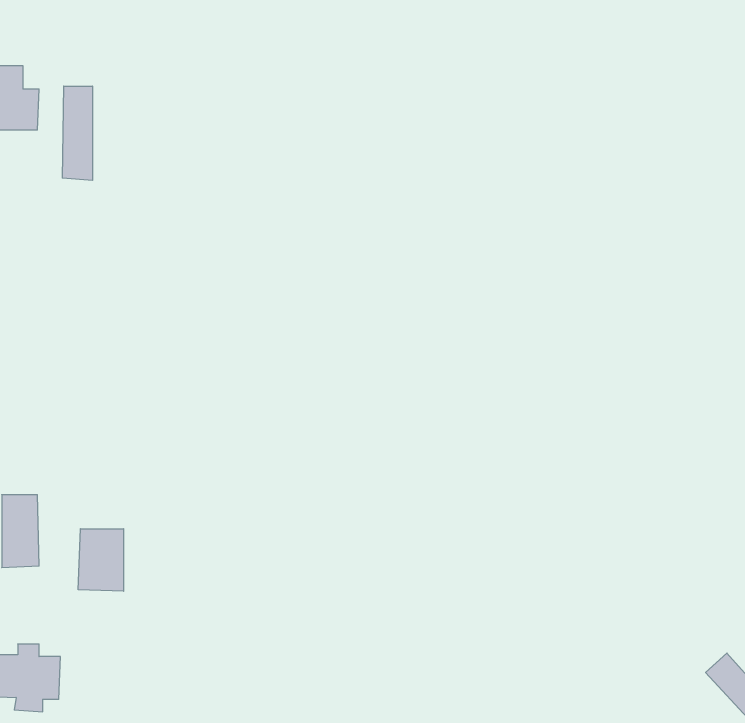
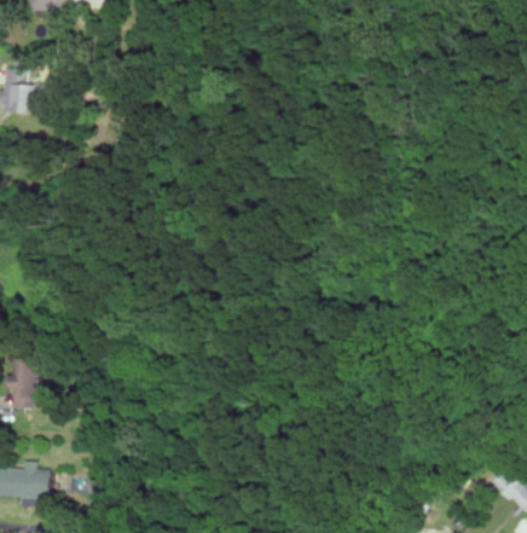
building: [62,86,92,180] -> none
building: [78,529,124,591] -> none

